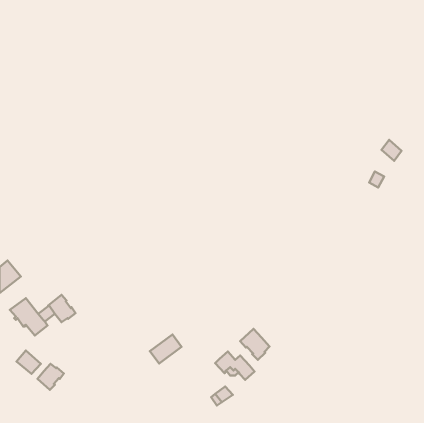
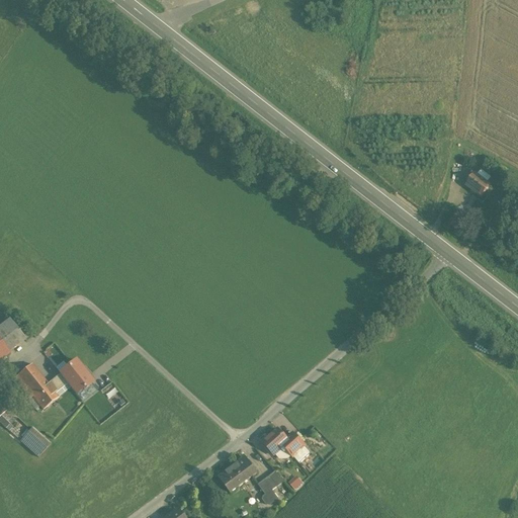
building: [240,329,270,360] -> none
building: [150,334,181,364] -> [218,455,256,491]
building: [37,364,64,390] -> none

